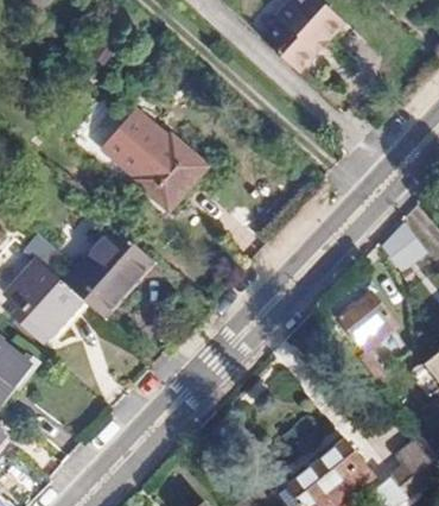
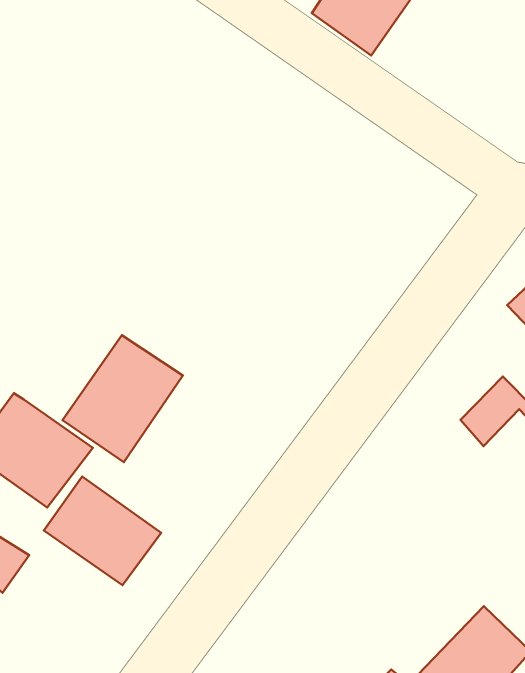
building: [95,103,204,208] -> none
building: none -> [44,476,161,585]

